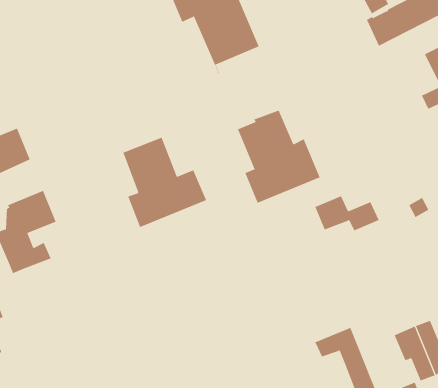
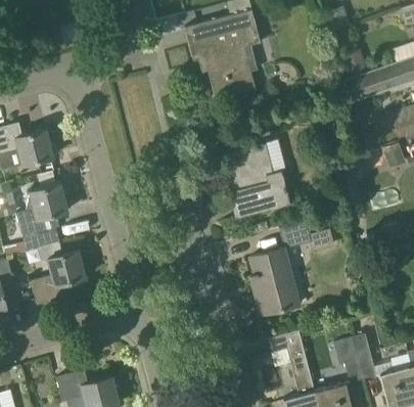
building: [120,137,207,228] -> none
building: none -> [250,247,300,315]
building: none -> [31,240,86,305]

